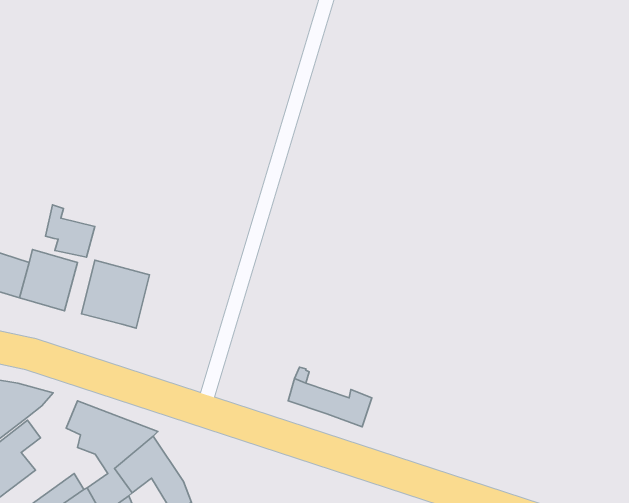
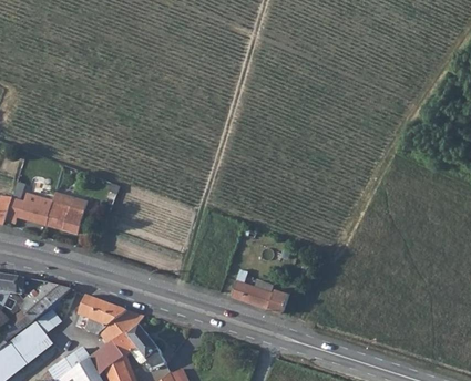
building: [45,205,95,257] -> none
building: [82,260,149,328] -> none

